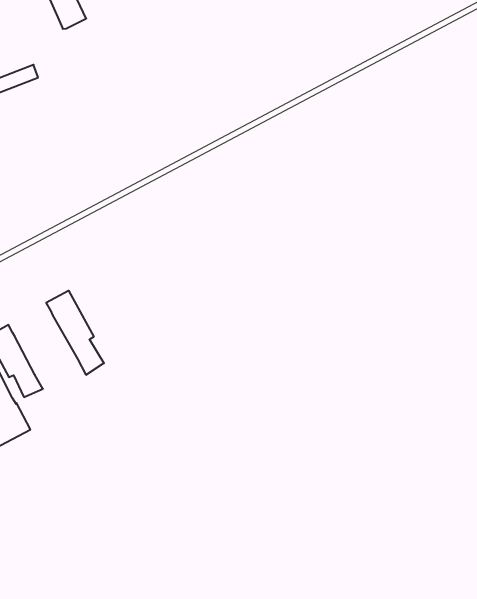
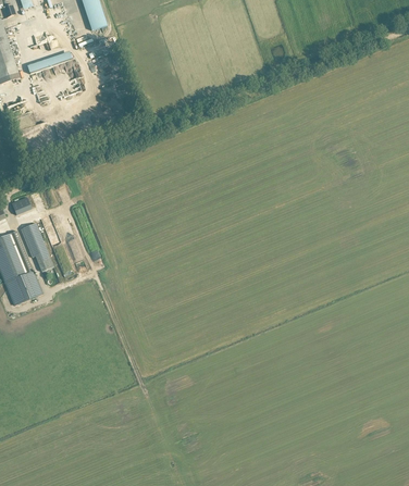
building: [46,291,104,375] -> none

